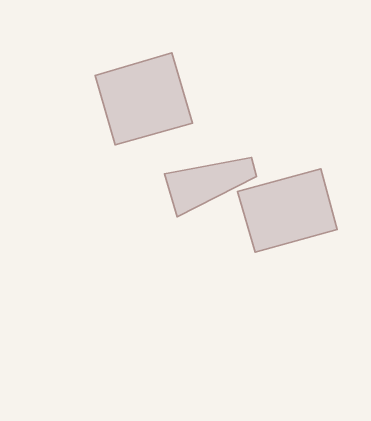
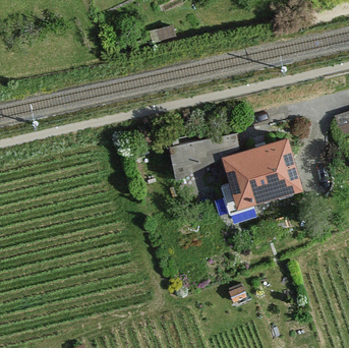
building: [95,53,192,145] -> none

